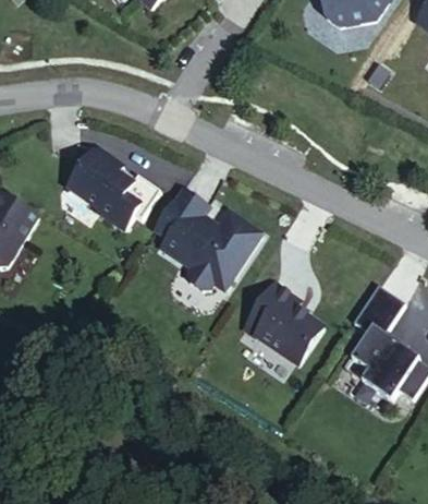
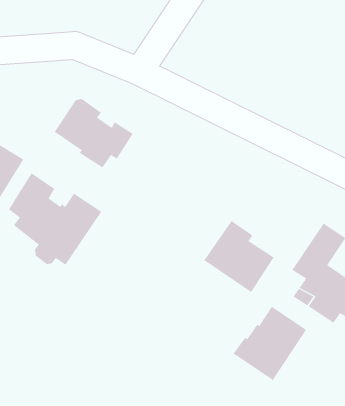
building: [145,202,252,308] -> [8,173,102,266]
building: none -> [233,306,307,381]

